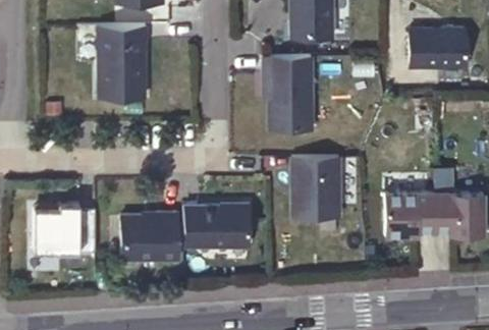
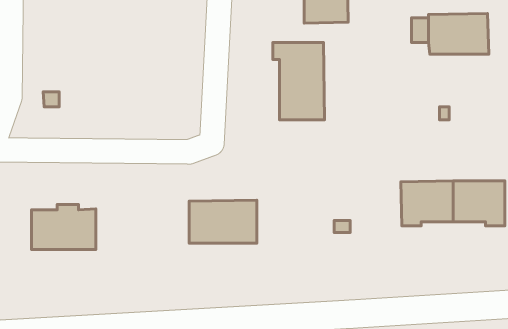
building: [97,24,146,98] -> none
building: [292,157,339,222] -> none
building: [121,213,177,261] -> none

